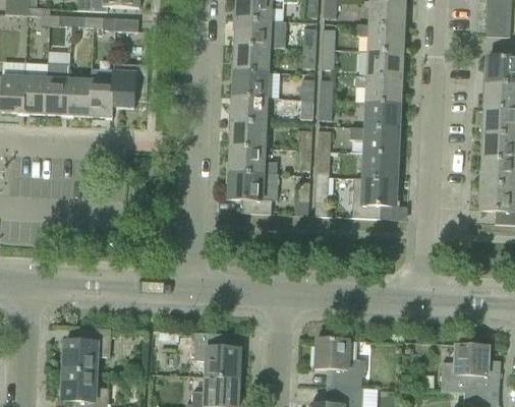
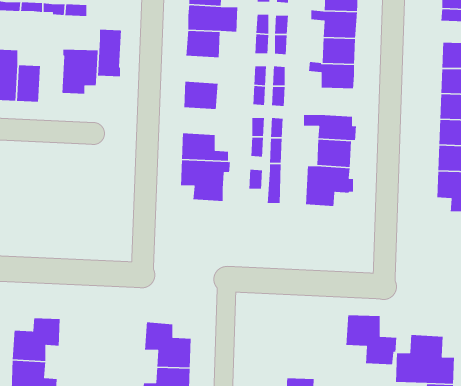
building: [89,68,113,116] -> [97,29,122,77]
building: [232,69,267,96] -> none
building: [365,101,399,128] -> none
building: [230,120,264,147] -> none
building: [313,337,364,387] -> [345,314,397,365]

